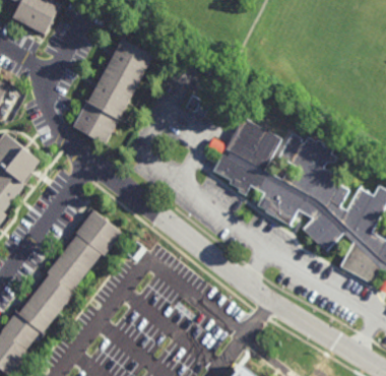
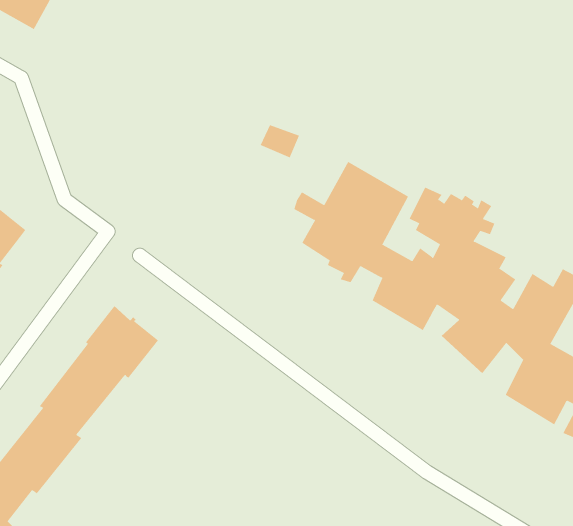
building: [72,38,153,144] -> none

